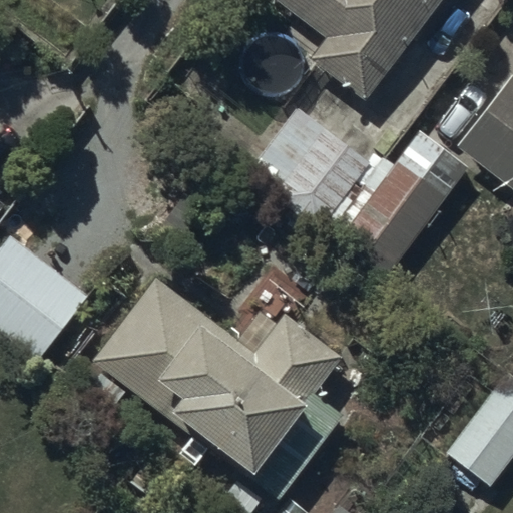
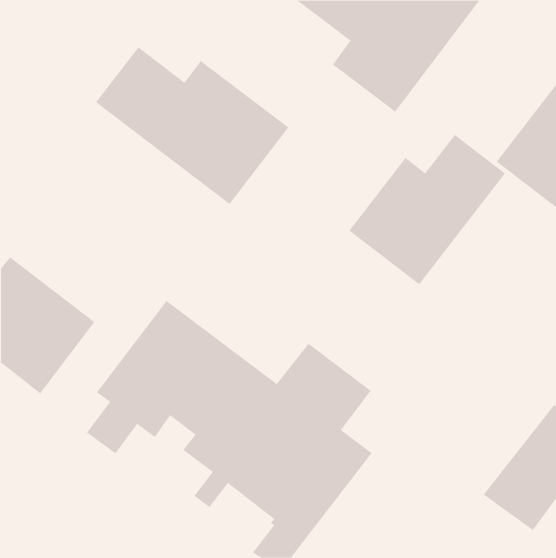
building: none -> [95,47,289,205]
building: [246,95,367,213] -> none

